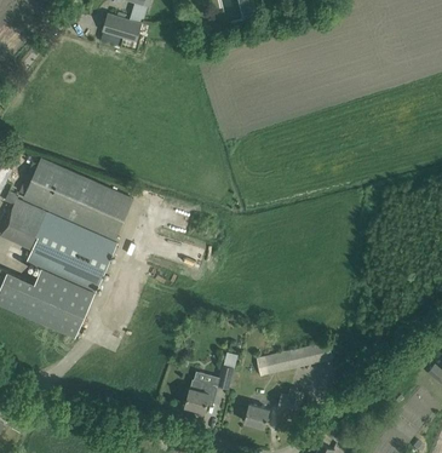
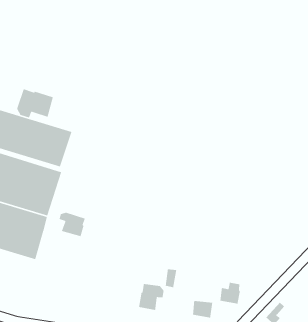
building: none -> [16,88,54,119]
building: none -> [58,212,86,237]
building: [256,342,332,375] -> none

